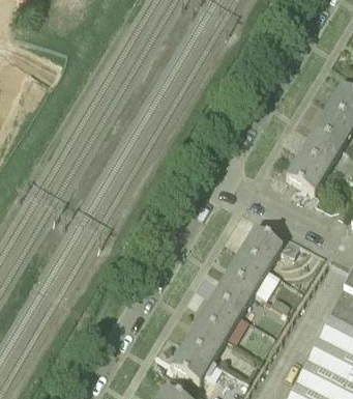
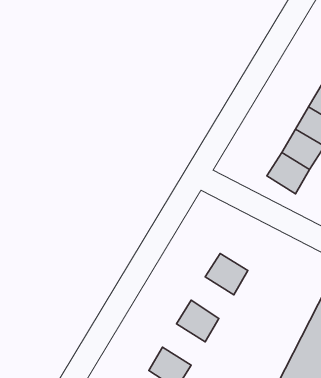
building: [242,226,284,265] -> none
building: [214,272,256,312] -> none
building: [186,317,228,358] -> none

